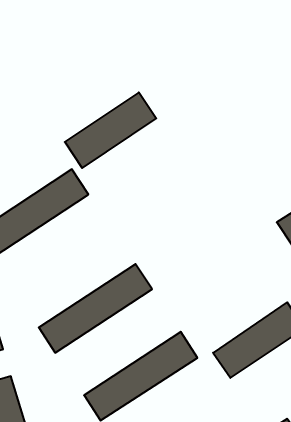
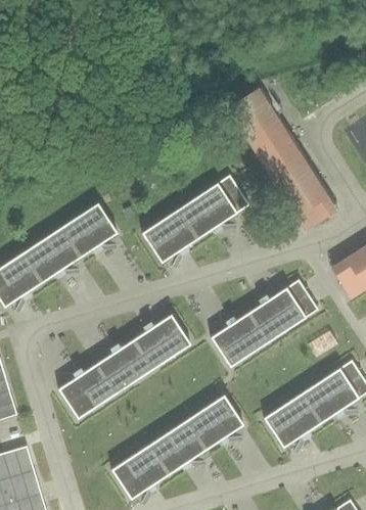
building: none -> [229,90,330,224]
building: [65,92,156,168] -> [141,175,248,264]
building: none -> [211,279,318,367]

